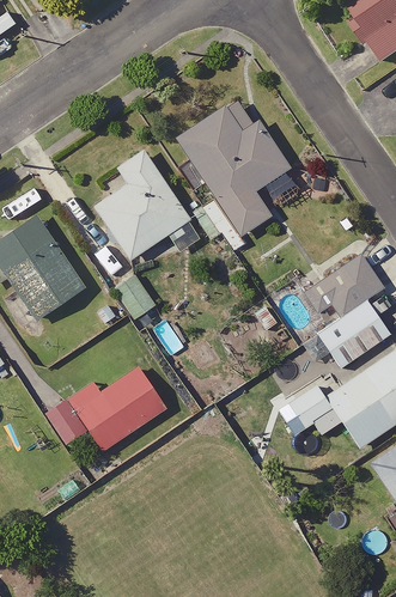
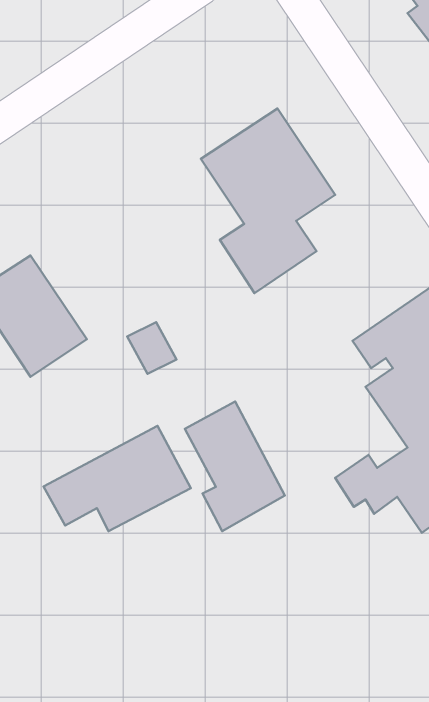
building: [95,150,191,262] -> none
building: none -> [185,402,285,531]

